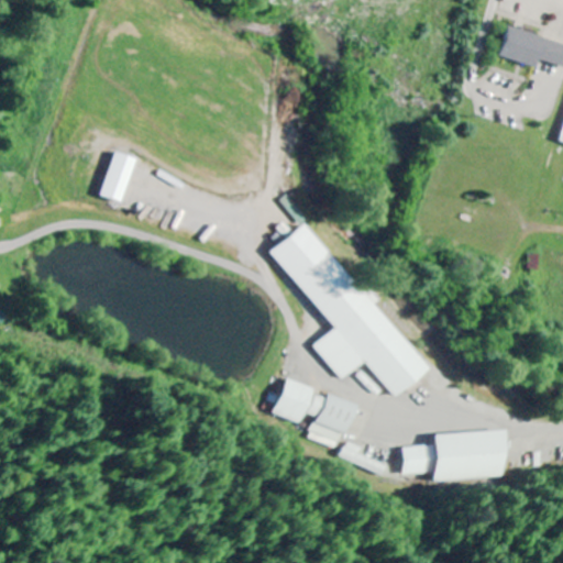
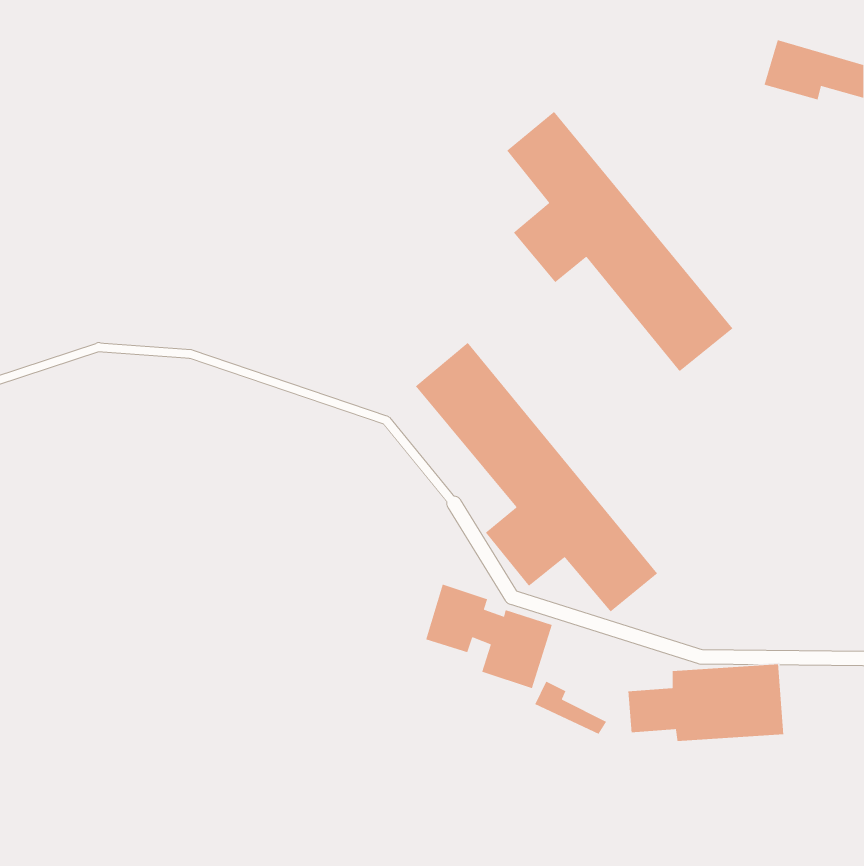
building: none -> [506,111,733,372]
building: [101,151,136,201] -> none

